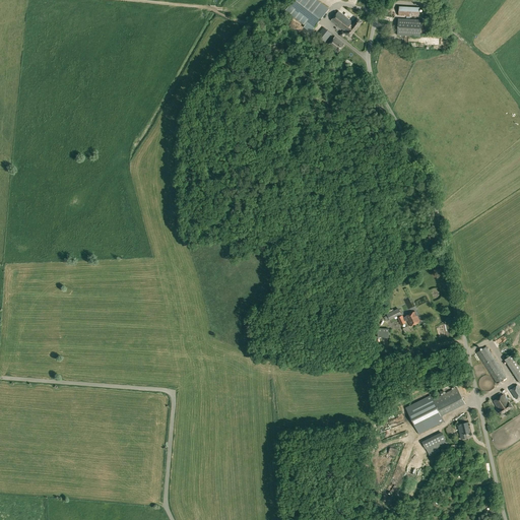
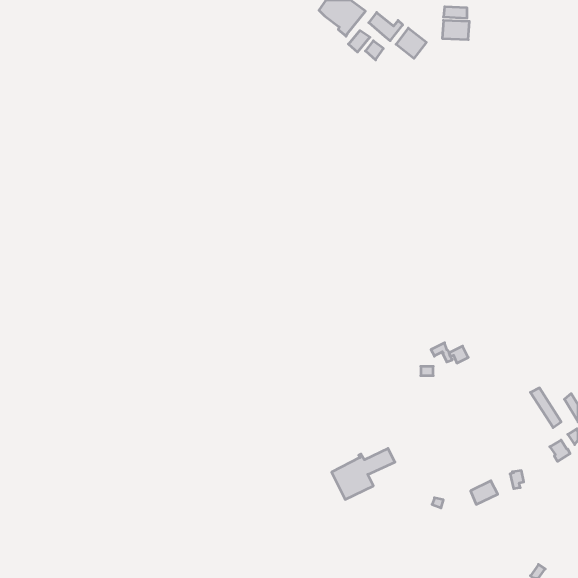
building: none -> [396,28,426,58]
building: [406,388,463,434] -> [332,448,395,499]

